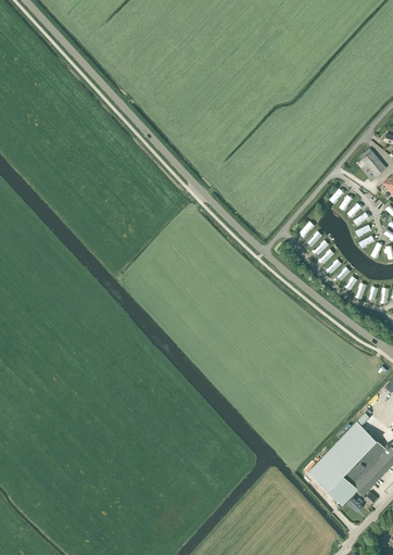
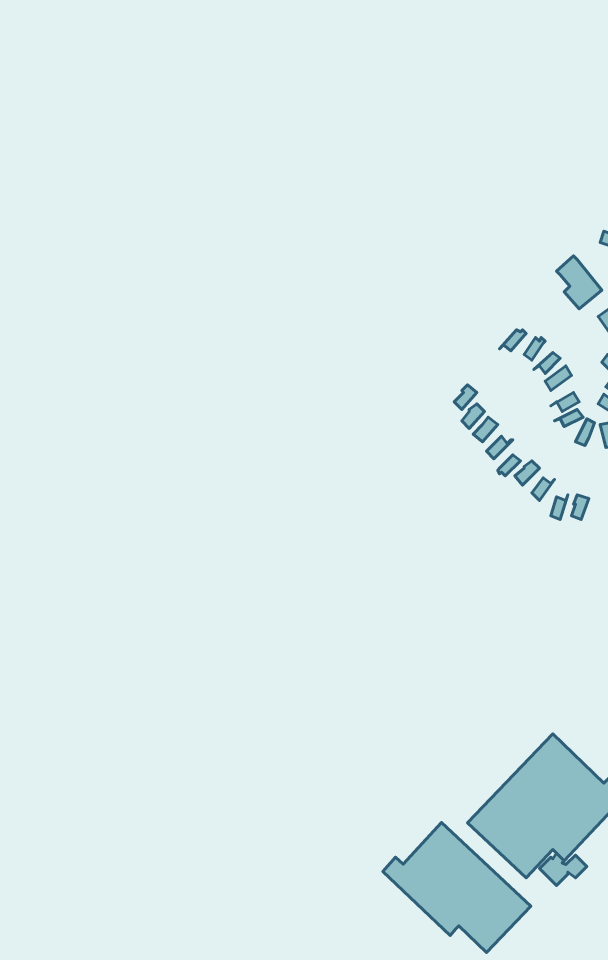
building: none -> [383,823,531,952]

